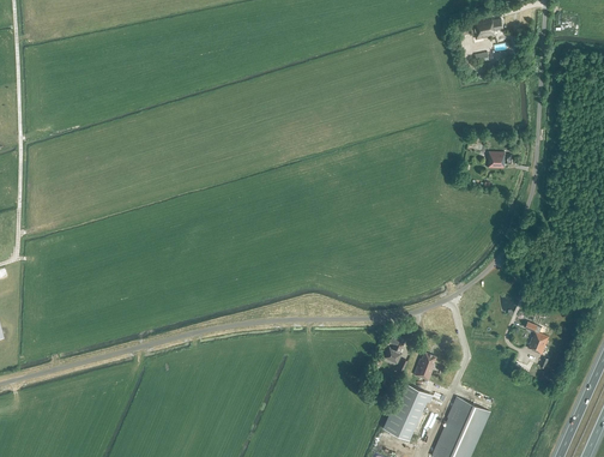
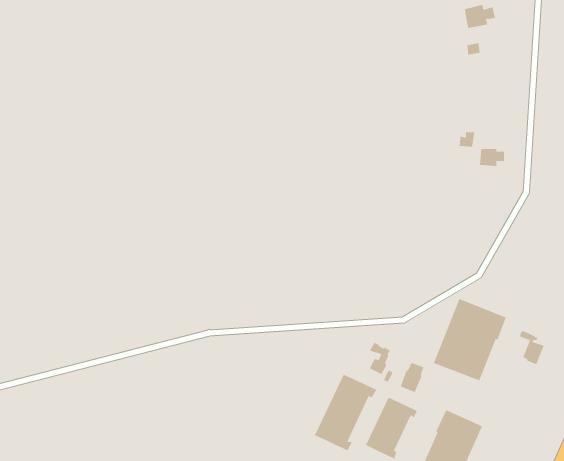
building: none -> [433,298,507,381]
building: none -> [314,374,377,451]

